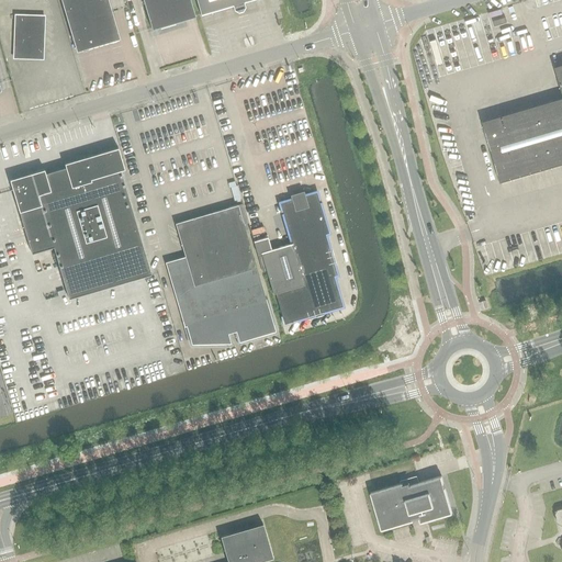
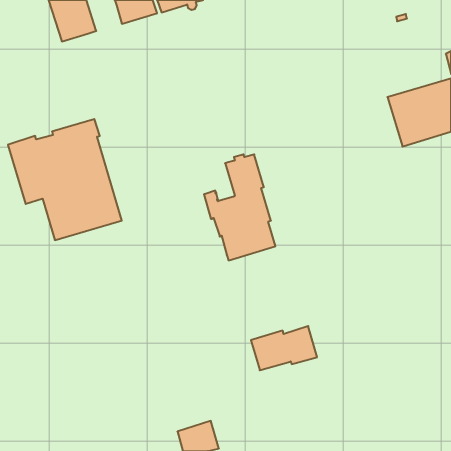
building: [14,15,44,59] -> none
building: [168,205,276,345] -> none
building: [370,475,452,530] -> [251,326,317,370]

